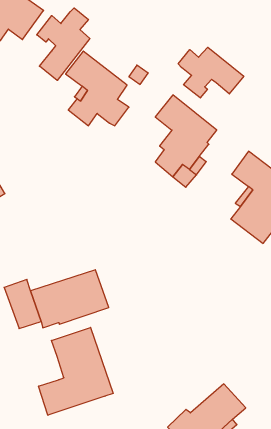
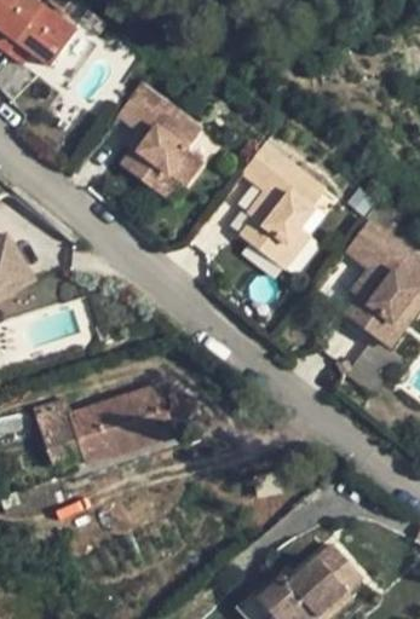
building: [37,8,90,80] -> none
building: [178,47,244,98] -> none
building: [39,327,113,415] -> none

